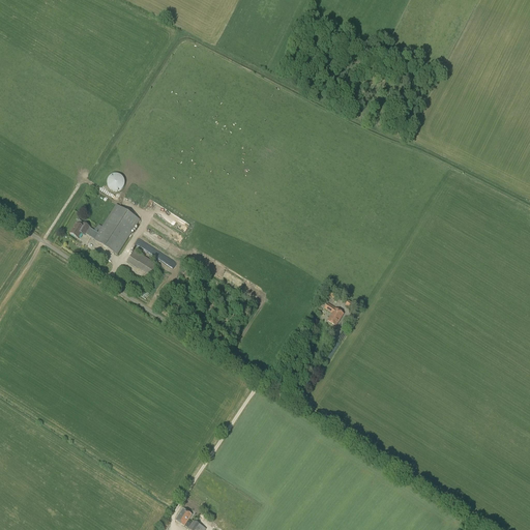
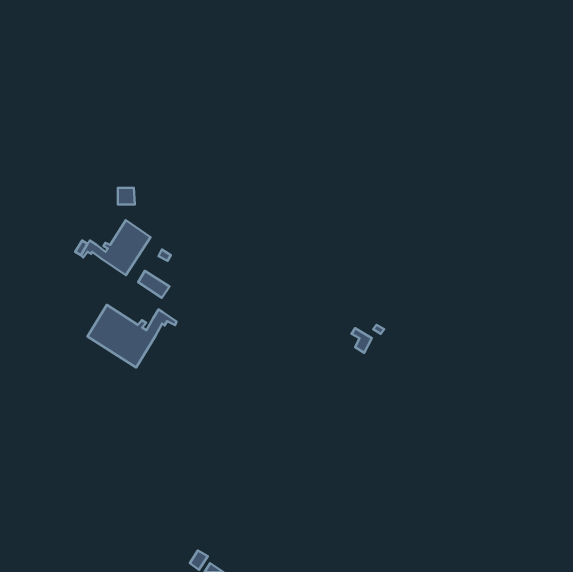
building: none -> [88,305,177,368]

